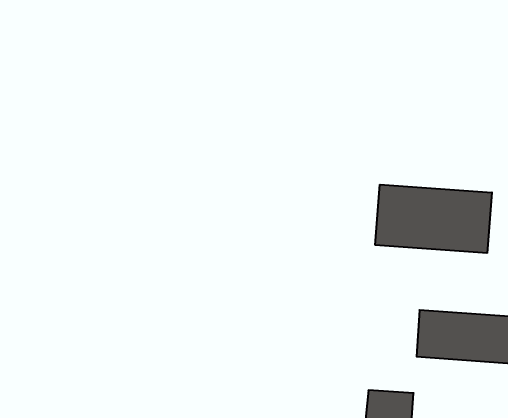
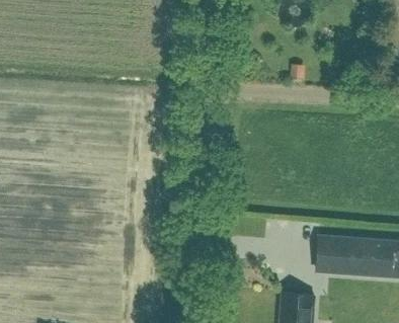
building: [375,185,492,253] -> none

